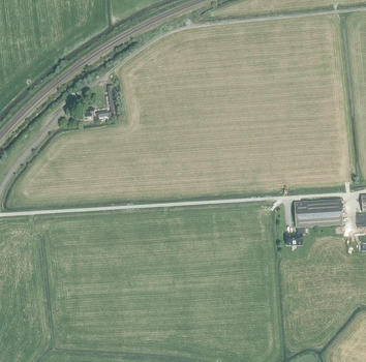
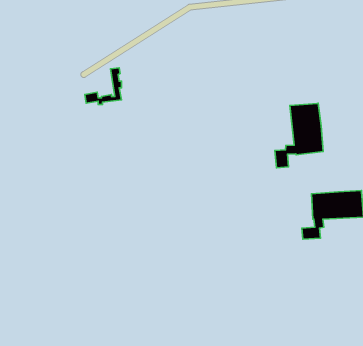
building: none -> [275,103,323,168]

